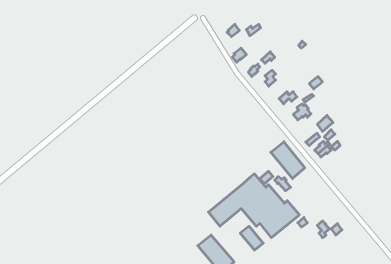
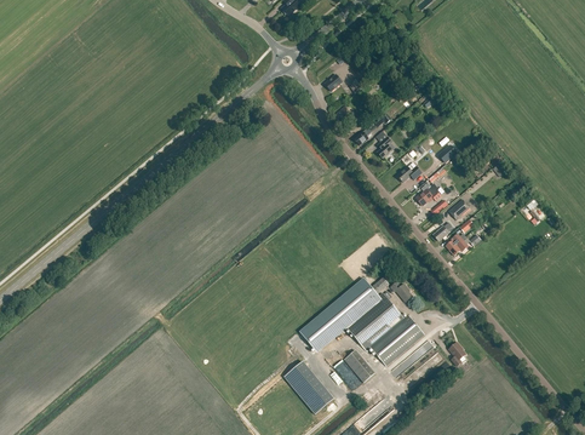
building: [271,142,305,179] -> none

